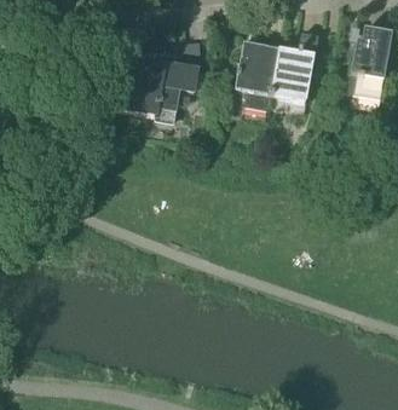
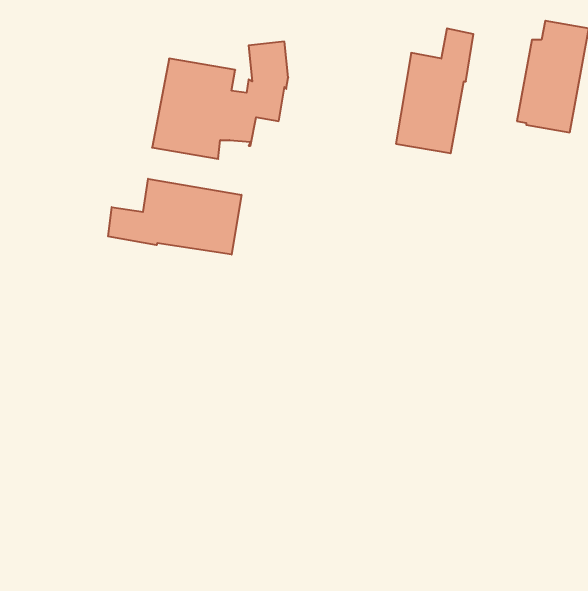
building: [236,41,279,109] -> none
building: none -> [108,179,241,255]

